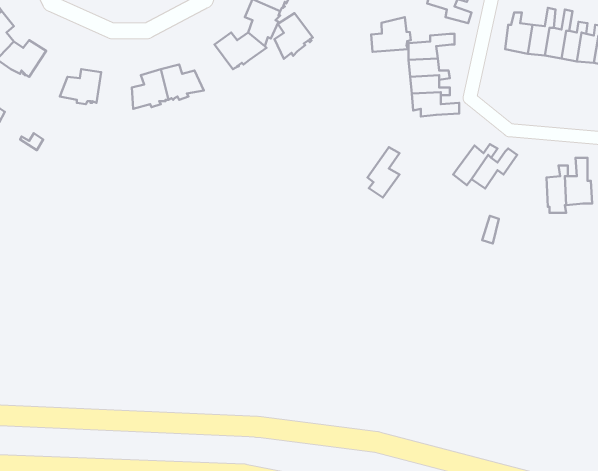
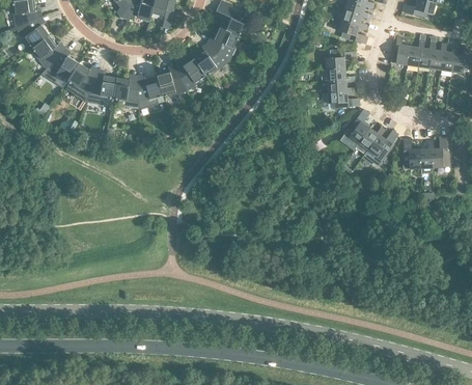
building: [275,13,313,59] -> [179,58,205,89]
building: [371,17,411,52] -> none
building: none -> [67,62,93,93]
building: none -> [113,77,138,108]
building: [367,147,400,197] -> [348,108,369,142]
building: none -> [401,136,419,169]

